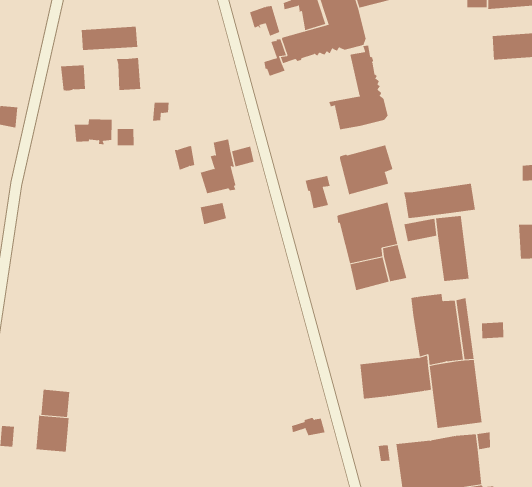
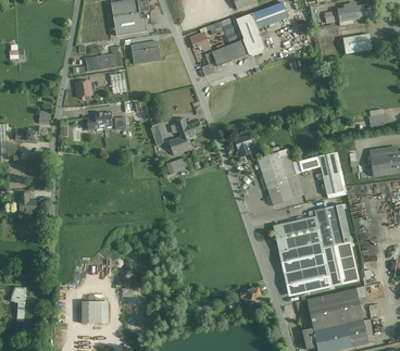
building: none -> [132,40,161,64]
building: [328,45,388,130] -> none
building: [339,145,393,195] -> none
building: [404,183,476,219] -> none
building: none -> [273,217,316,251]
building: none -> [284,263,332,297]

